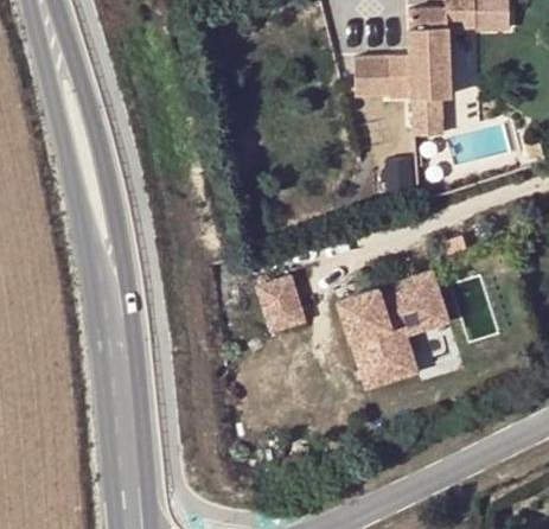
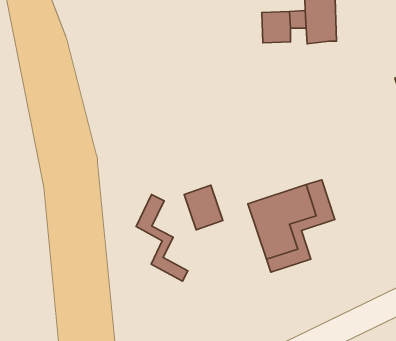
building: [414,93,443,134] -> none
building: none -> [136,194,188,281]

